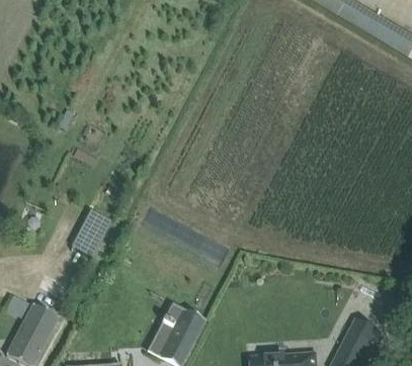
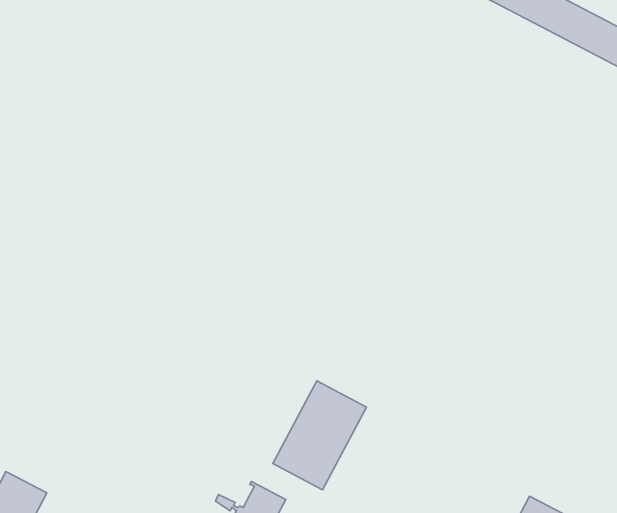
building: [71,207,109,253] -> none
building: none -> [273,381,367,490]

